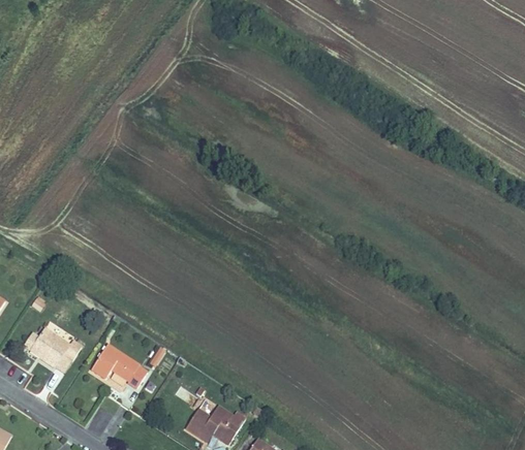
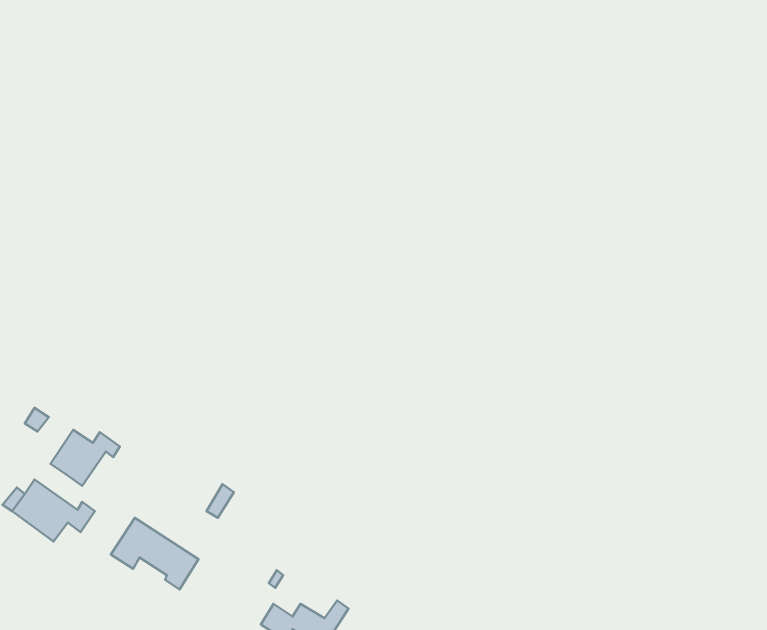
building: none -> [51,430,120,486]

